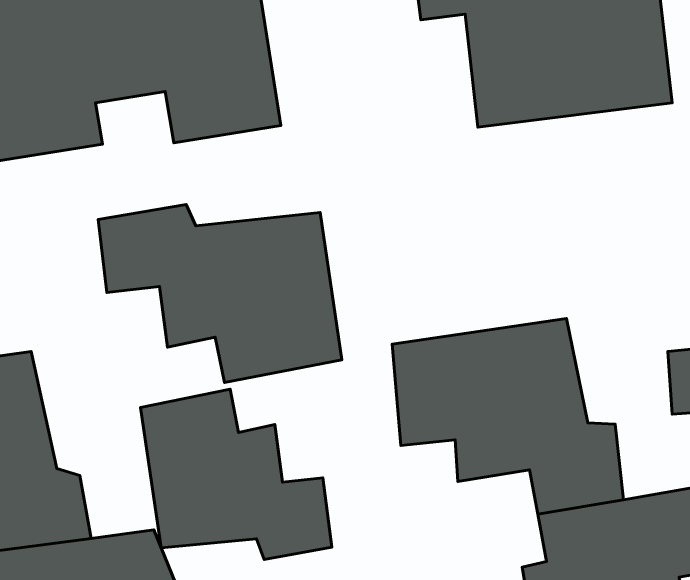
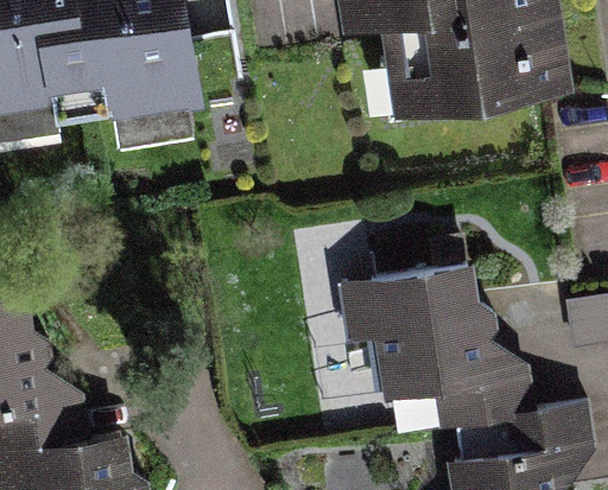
building: [98,204,342,382] -> none
building: [141,389,332,559] -> none

